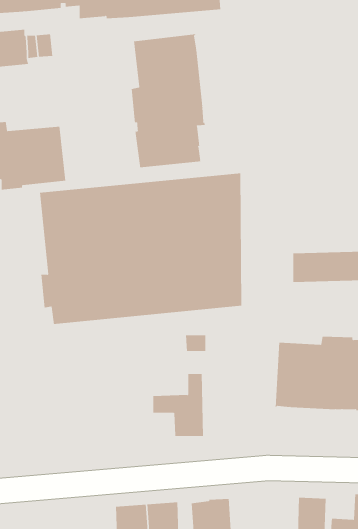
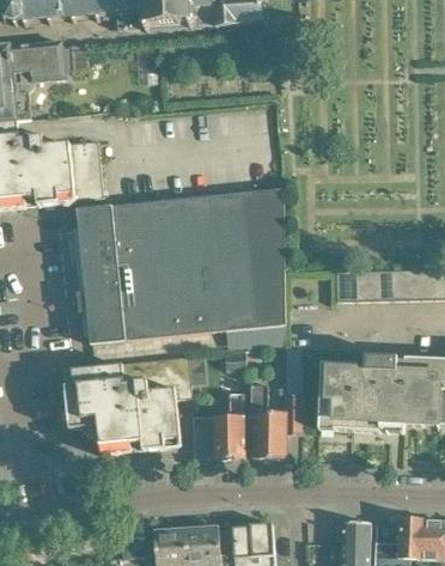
building: [131,33,205,168] -> none
building: none -> [63,355,191,455]
building: none -> [249,387,301,458]

